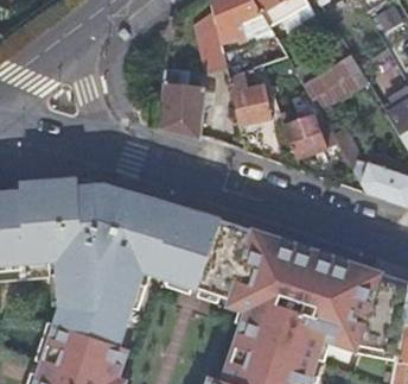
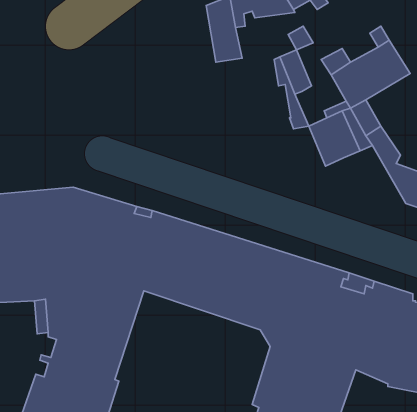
building: [227,74,267,126] -> none
building: [159,81,204,139] -> none

